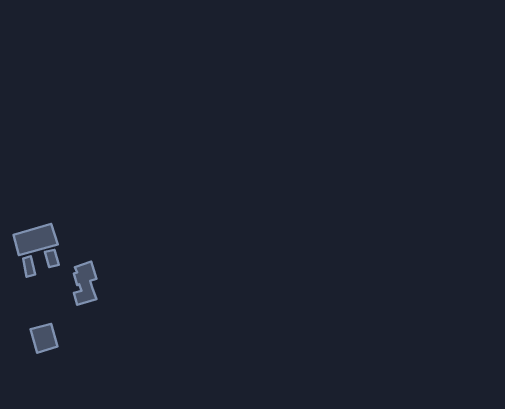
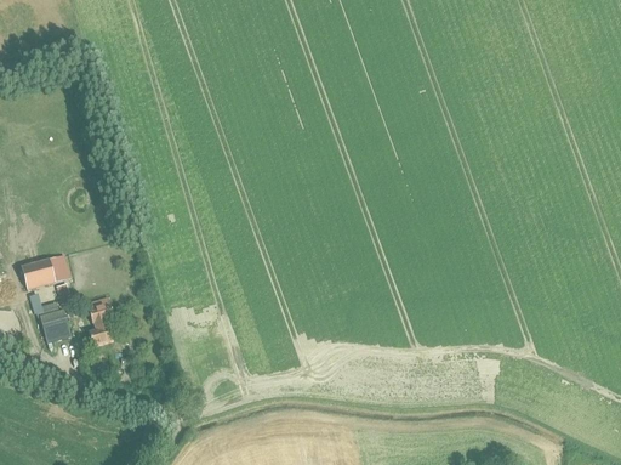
building: [31,324,57,353] -> [41,311,72,344]

